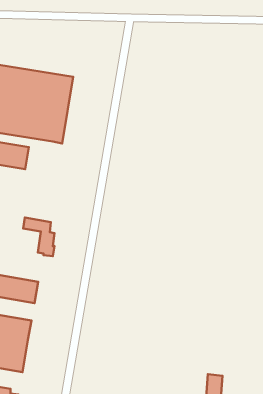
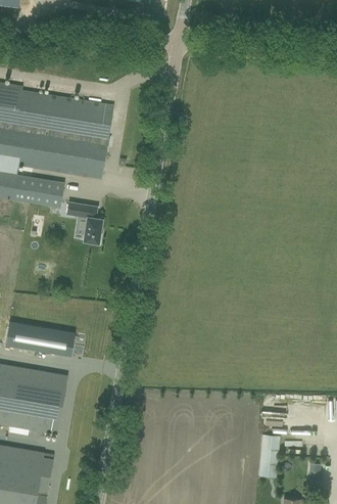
building: [23,217,55,256] -> [67,201,102,244]

